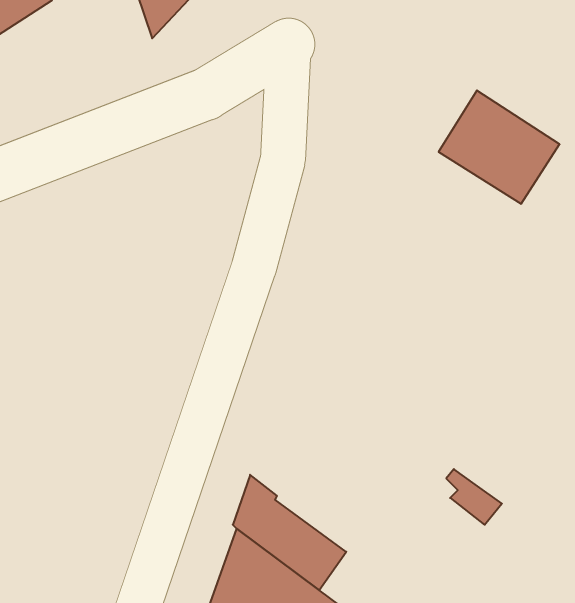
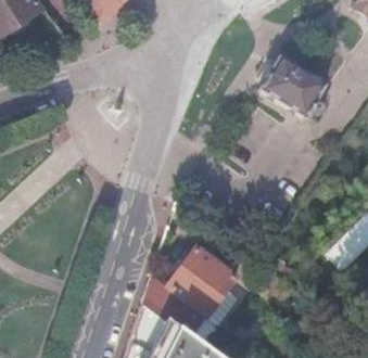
building: none -> [166,245,236,316]

